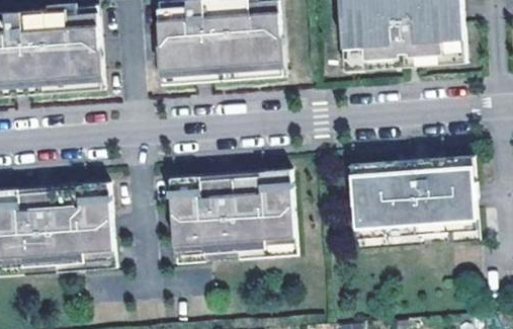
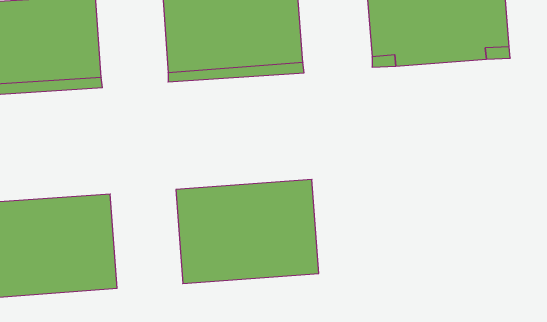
building: [349,156,479,250] -> none

